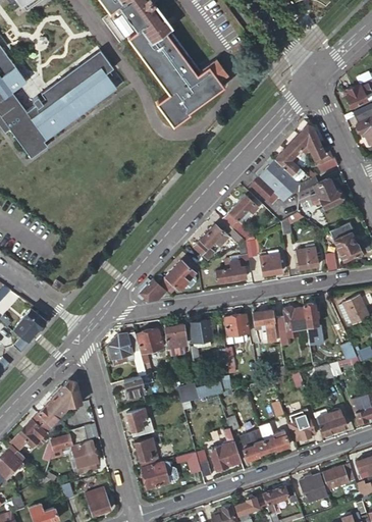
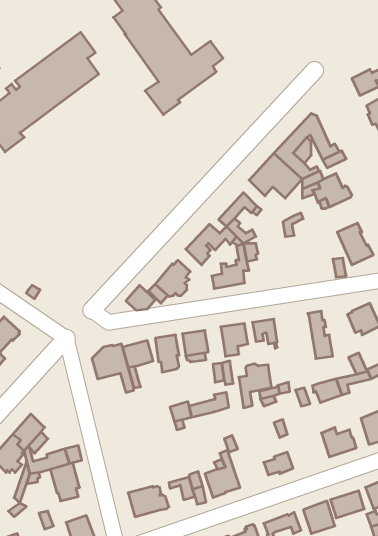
building: [297,247,319,268] -> none
building: [259,252,282,274] -> none
building: [278,305,308,345] -> [239,364,272,408]
building: [124,372,154,397] -> none
building: [54,378,83,407] -> none
building: [127,407,155,436] -> none
building: [290,408,316,439] -> none
building: [241,427,268,459] -> none
building: [136,436,160,466] -> none

